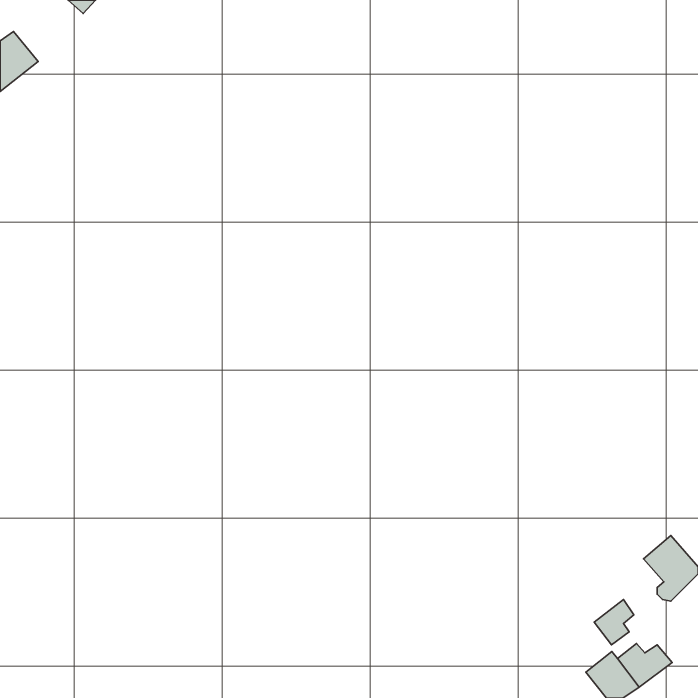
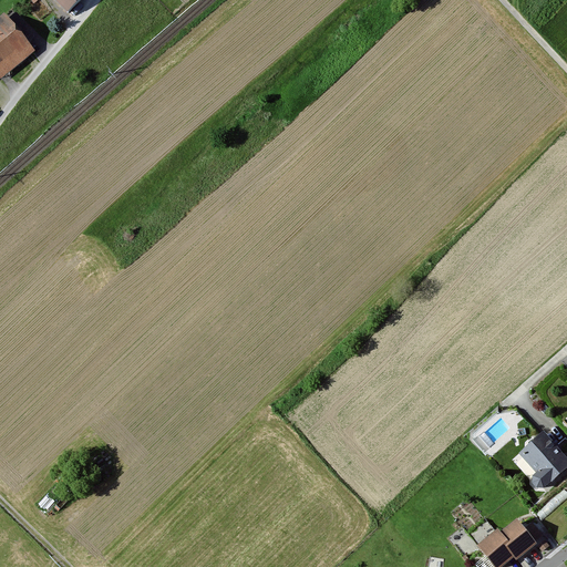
building: [594,600,634,645] -> none

